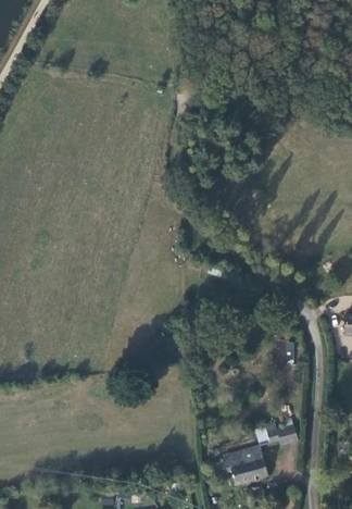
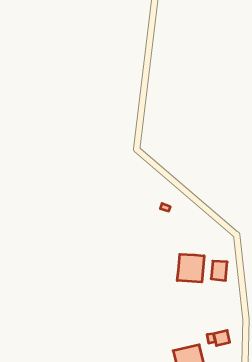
building: none -> [177,254,204,282]

